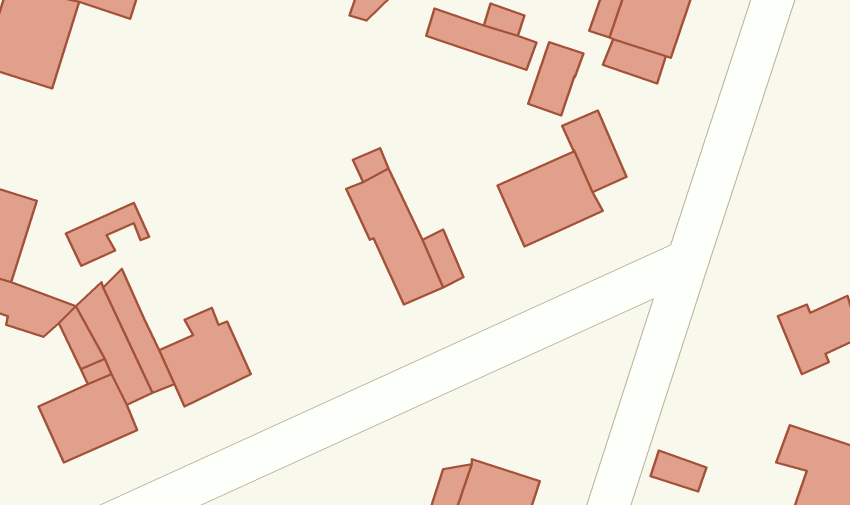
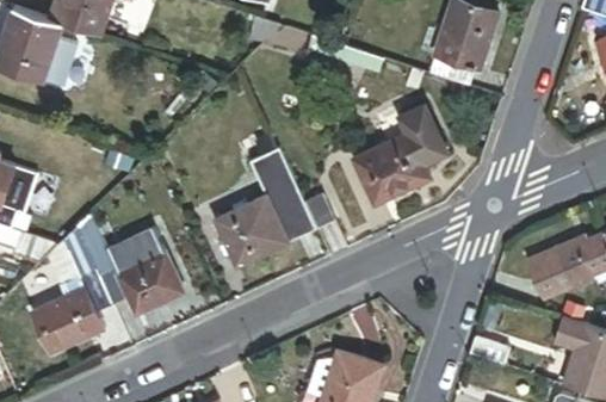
building: [528,42,584,115] -> none
building: [66,203,149,266] -> [109,228,167,272]
building: none -> [217,193,291,265]
building: none -> [524,248,570,301]

